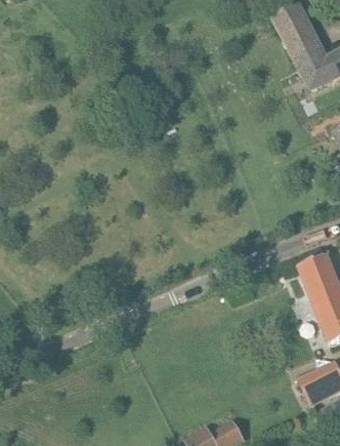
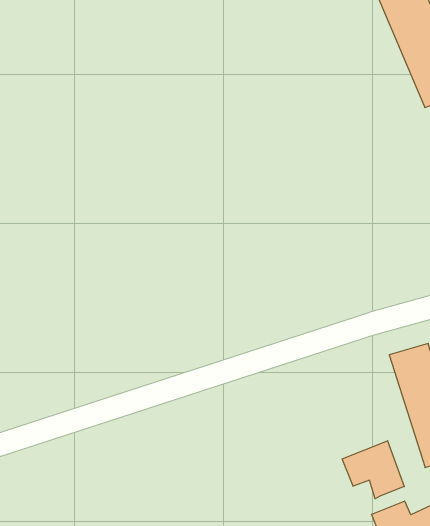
building: none -> [342,441,404,499]

